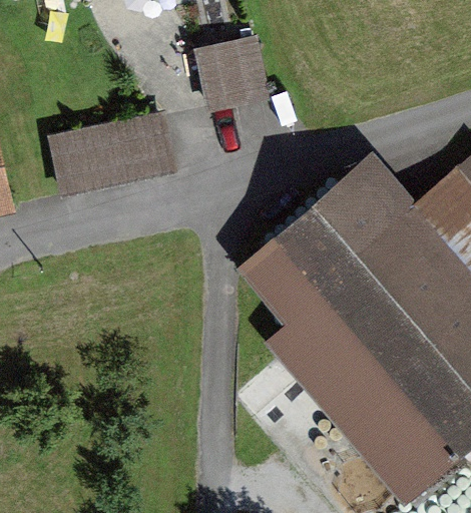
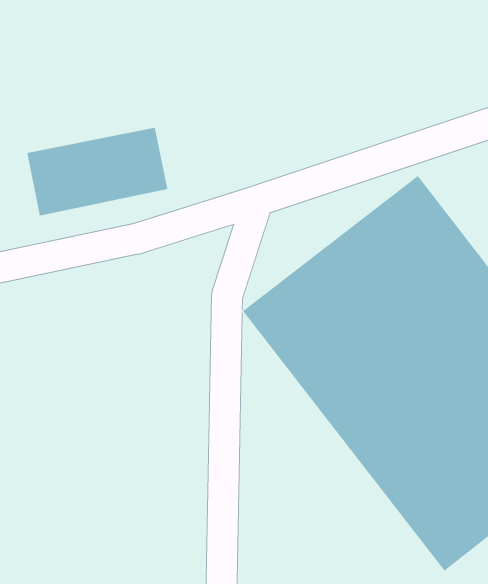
building: [193,43,260,115] -> none

